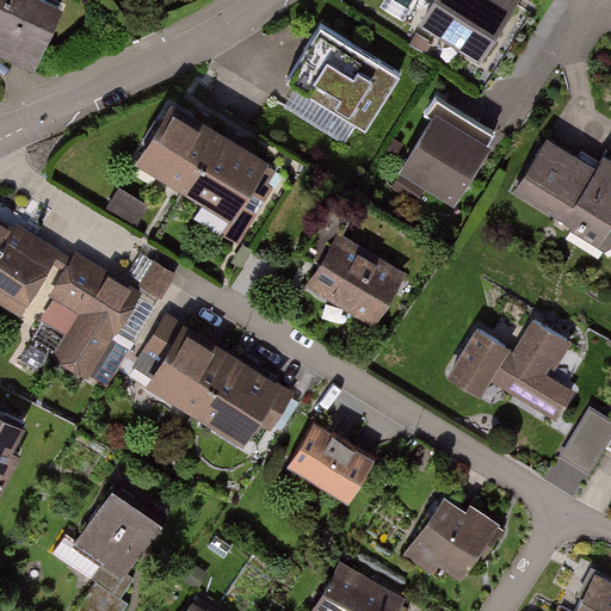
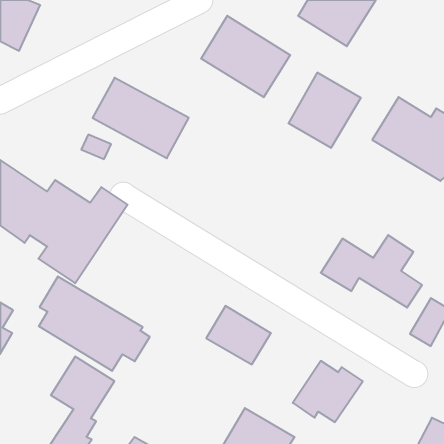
building: [303,233,402,327] -> none
building: [141,313,292,442] -> [39,276,150,371]

